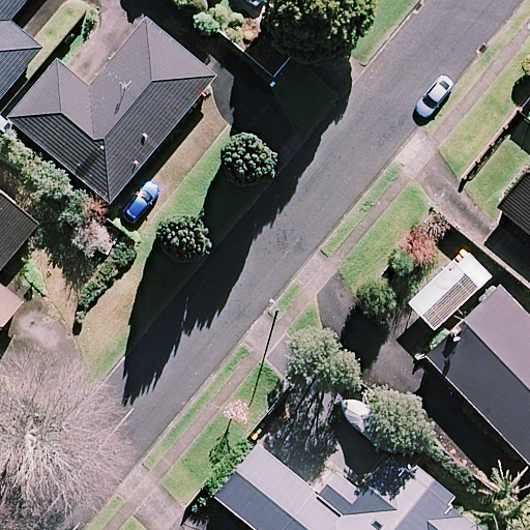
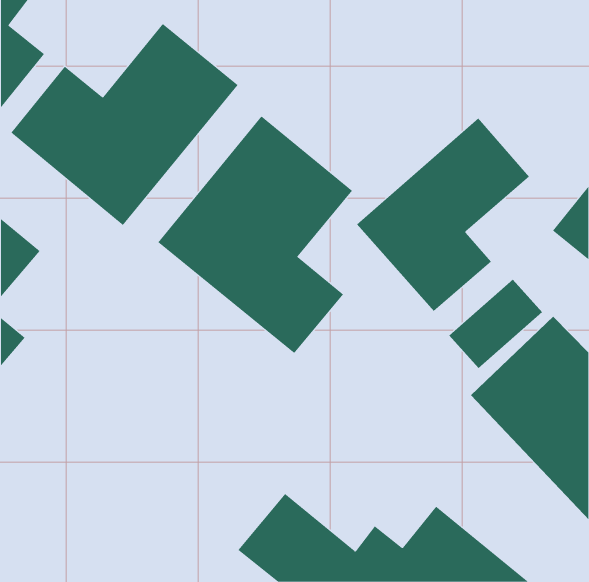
building: none -> [157,116,353,354]
building: none -> [356,118,530,312]

